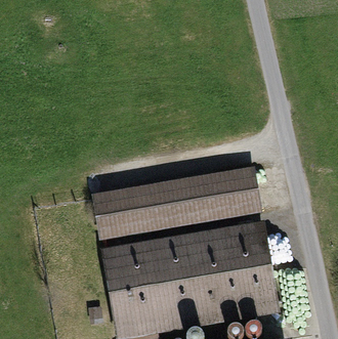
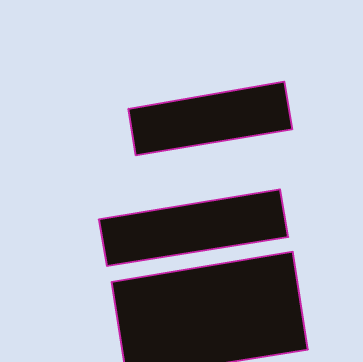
building: none -> [129,82,292,155]

